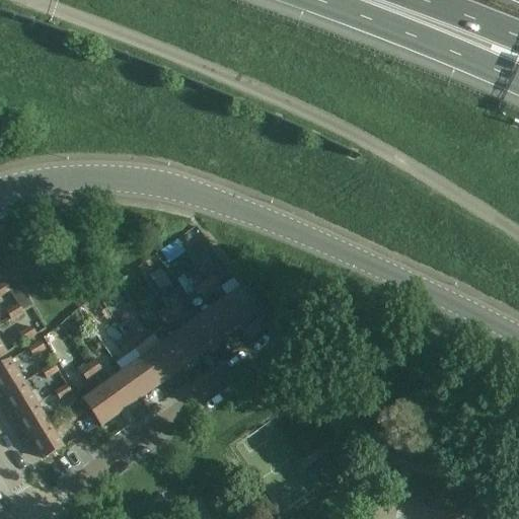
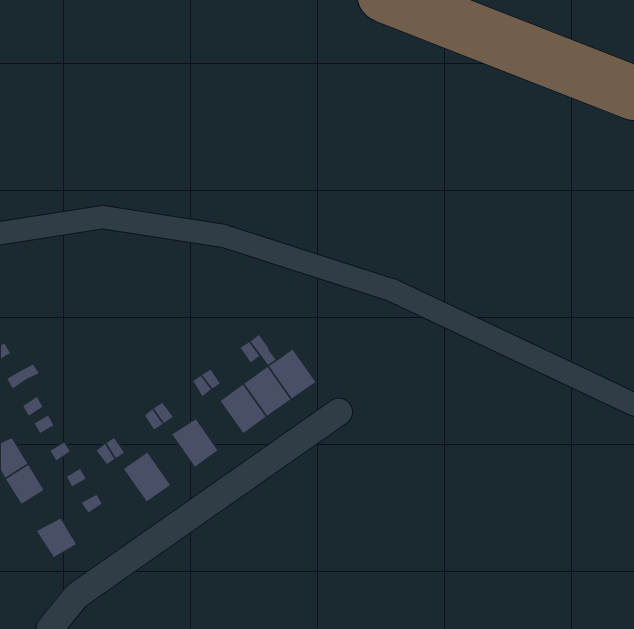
building: [160,327,199,368] -> none
building: [121,355,159,396] -> none
building: [80,383,120,425] -> none
building: [17,400,50,434] -> none

